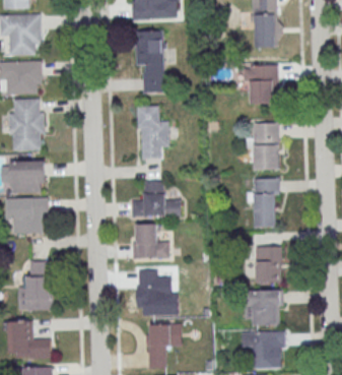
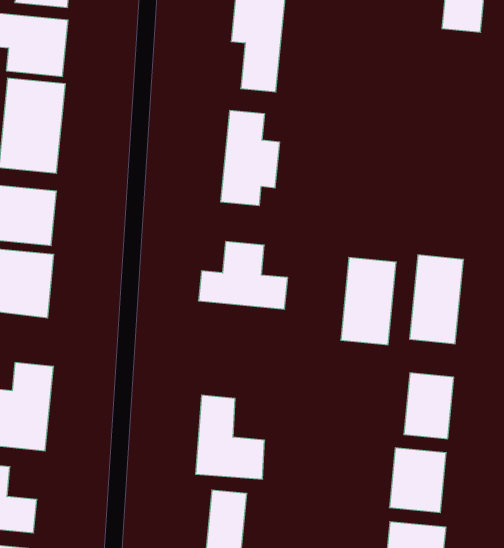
building: [247,65,278,103] -> none
building: [253,122,280,170] -> [341,257,396,345]
building: [132,224,168,258] -> none

